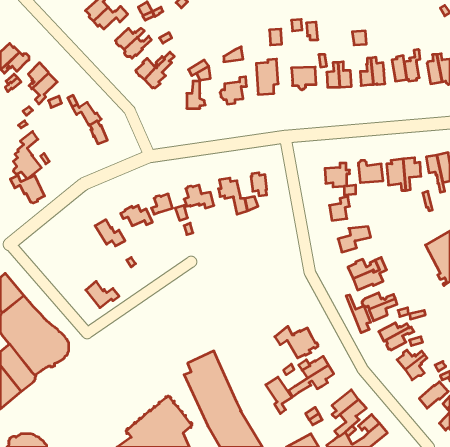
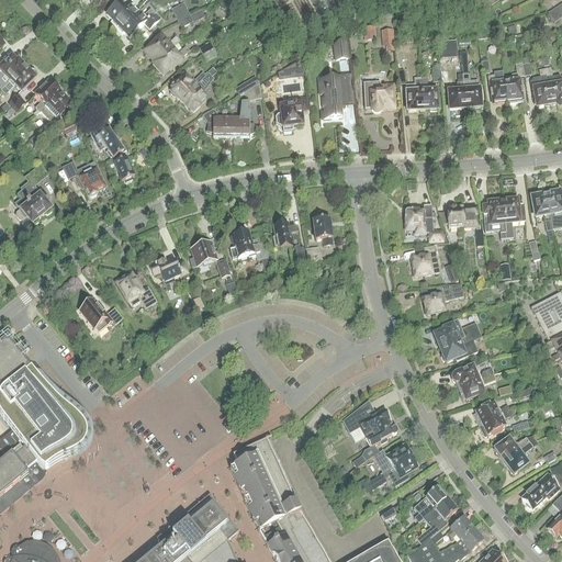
building: none -> [203,106,233,135]
building: [10,176,45,203] -> [63,161,105,195]
building: [86,281,119,308] -> [81,299,123,331]
building: [346,295,371,333] -> none
building: [266,377,292,414] -> none

